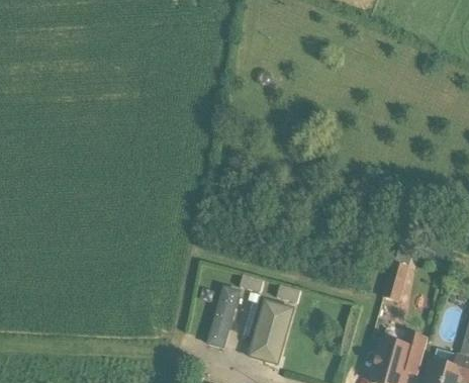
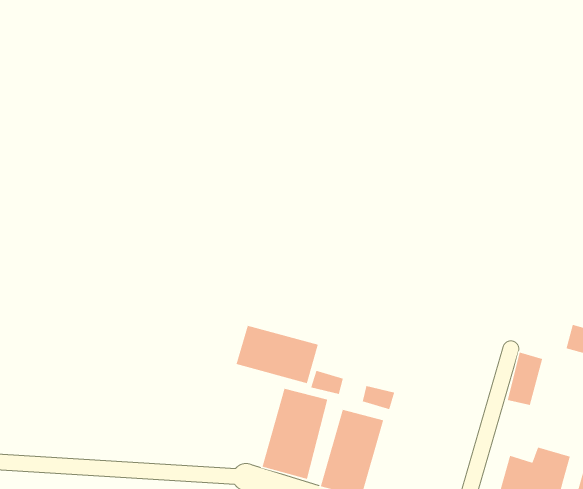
building: none -> [236,325,319,384]

